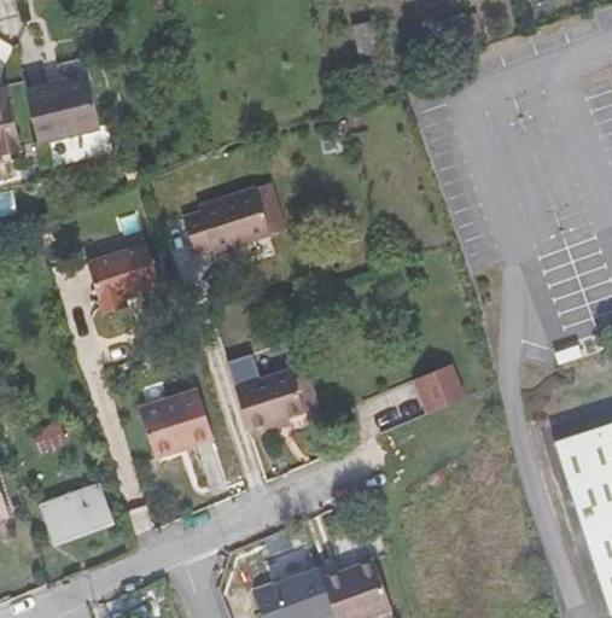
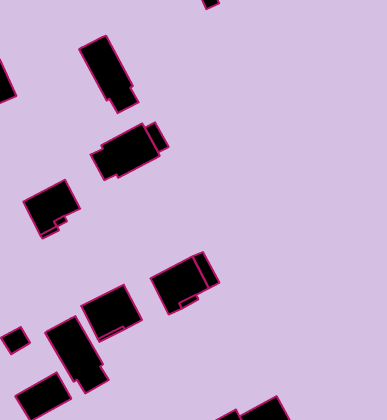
building: none -> [79,36,139,113]
building: [410,363,464,414] -> none
building: none -> [45,316,109,393]

